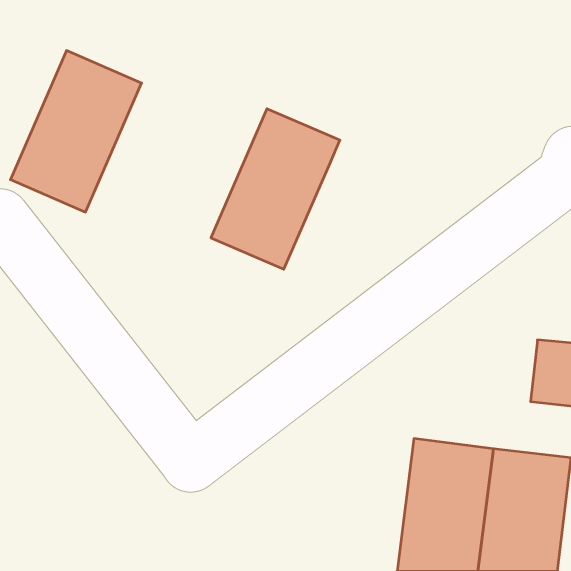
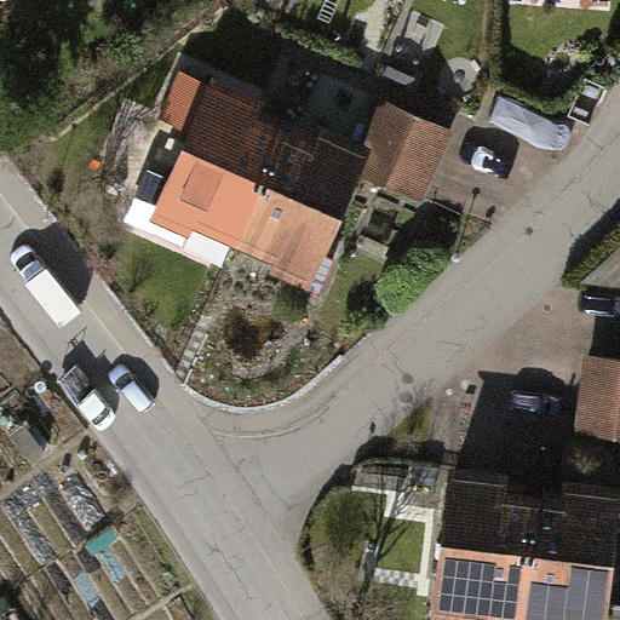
building: [10,51,142,212] -> [149,82,291,257]
building: none -> [358,102,460,207]

